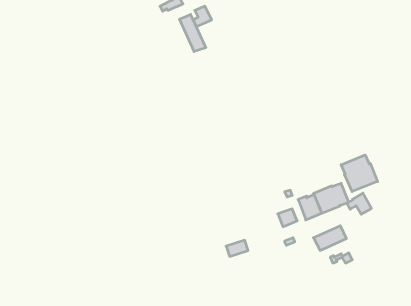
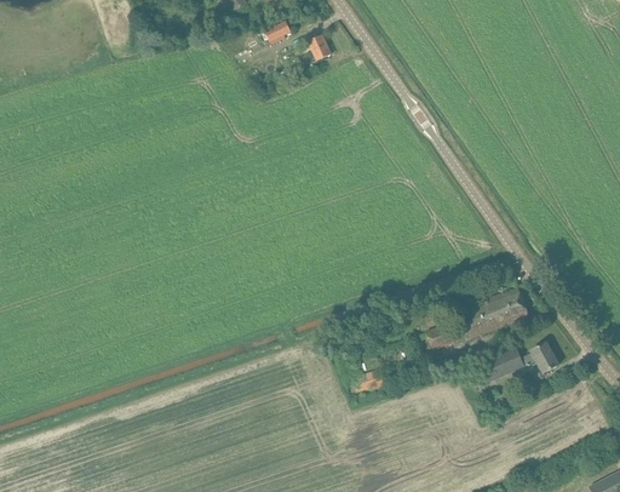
building: [180,14,206,52] -> none
building: [341,155,378,192] -> none
building: [347,193,371,214] -> [524,342,559,372]

